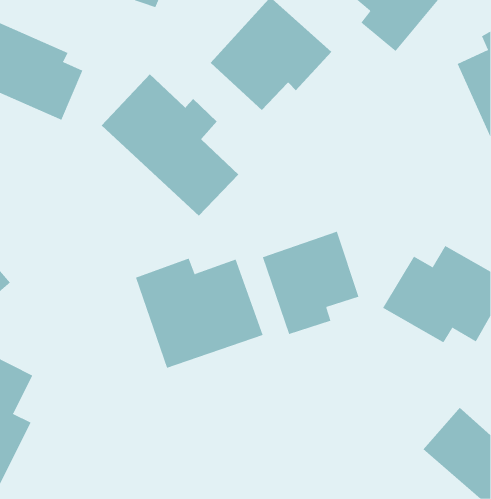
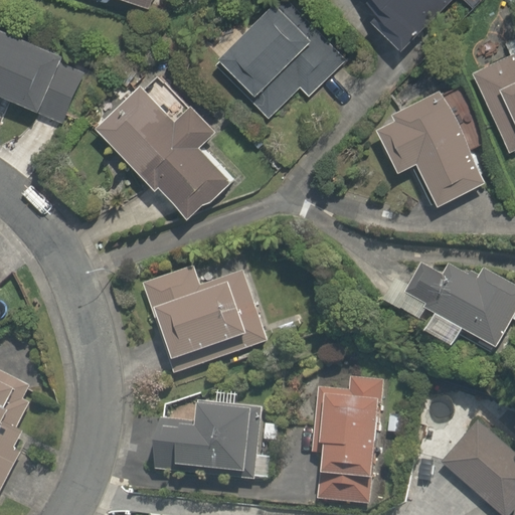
building: none -> [381,79,492,204]
building: [262,231,359,335] -> none
building: none -> [308,374,398,507]
building: none -> [151,401,256,477]

